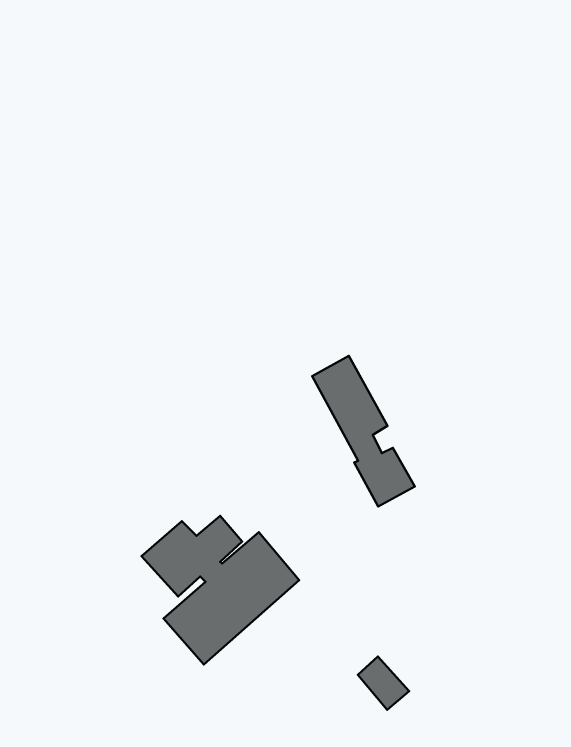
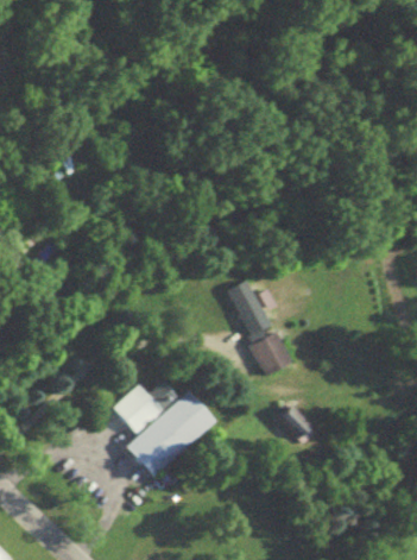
building: [358,656,409,710] -> [278,408,311,442]

